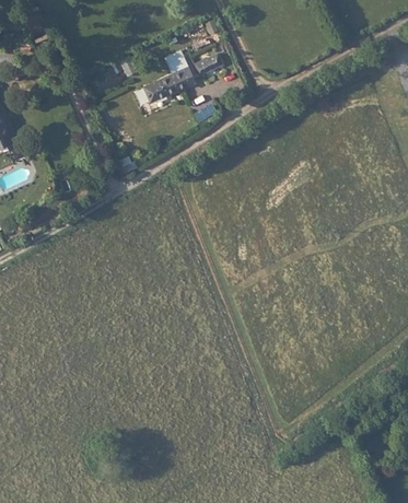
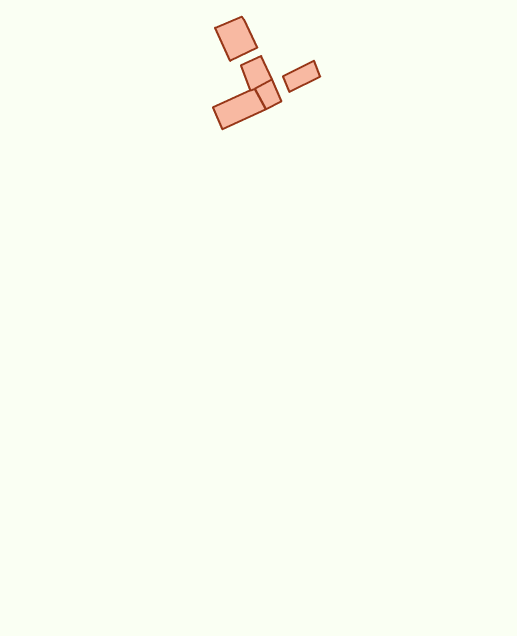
building: none -> [215,17,257,61]

